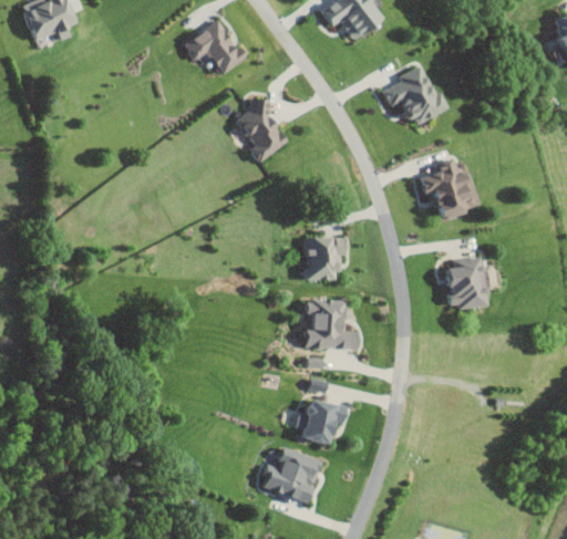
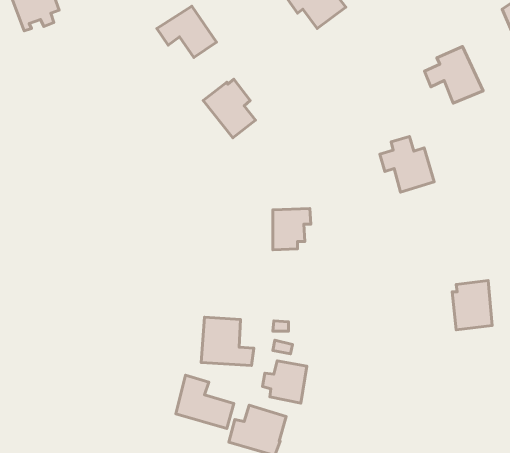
building: [380,64,443,125] -> [425,47,483,103]
building: [443,257,486,310] -> [452,280,492,330]
building: [301,299,358,351] -> [201,317,254,366]
building: none -> [176,375,234,428]

